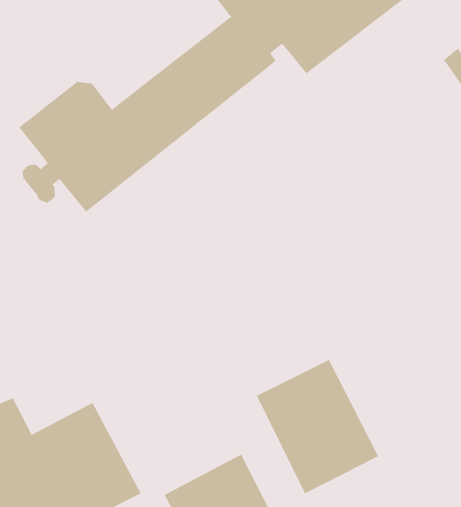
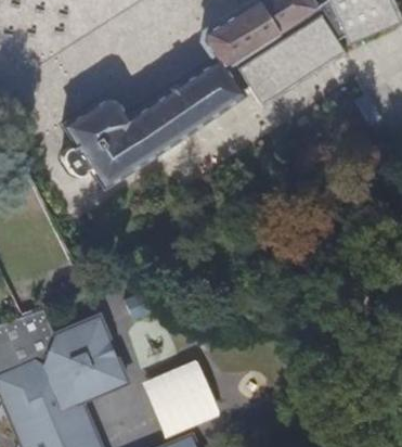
building: [256,359,379,494] -> none

